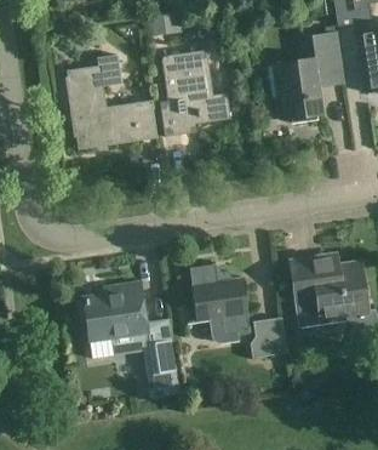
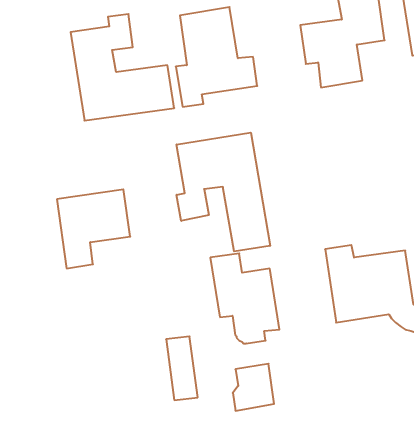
building: none -> [177,133,270,251]
building: [82,290,147,359] -> [57,189,130,268]
building: [250,317,286,358] -> [233,364,274,411]

